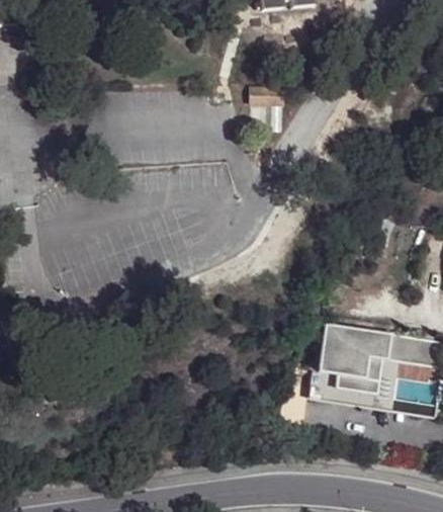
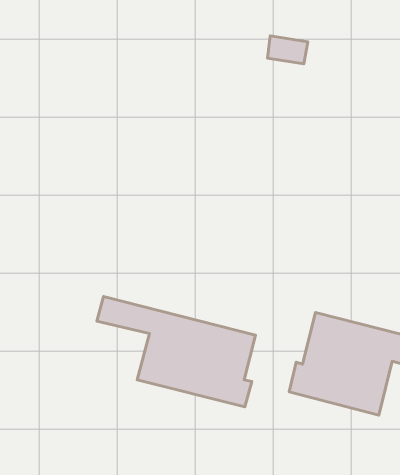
building: none -> [97,297,255,407]

